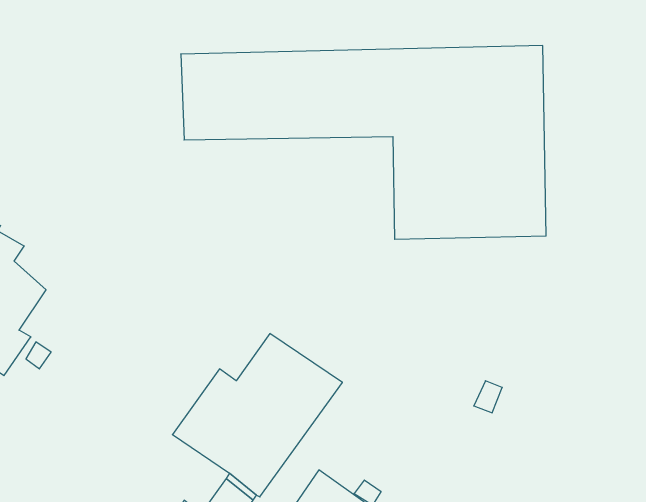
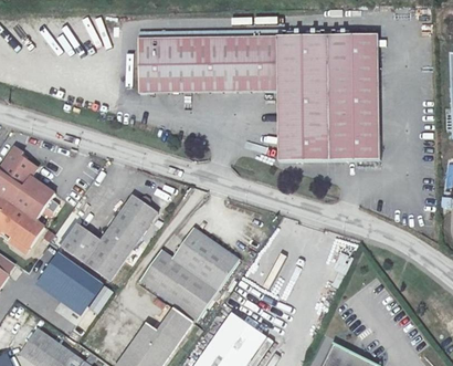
building: none -> [65,192,162,280]
building: none -> [33,251,103,316]

